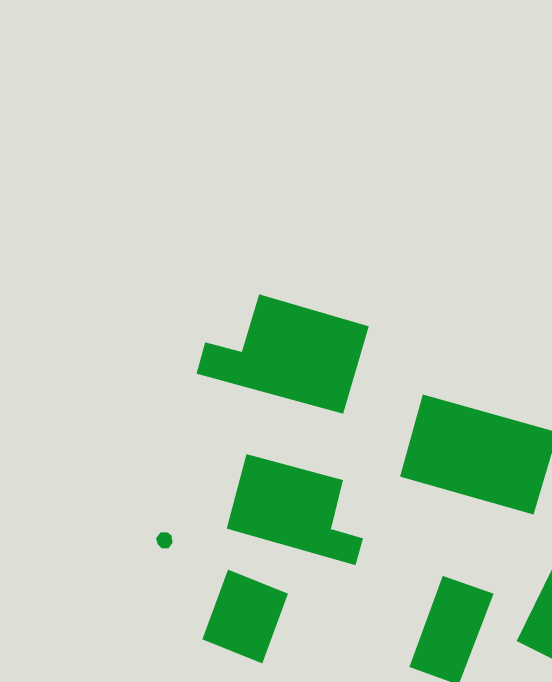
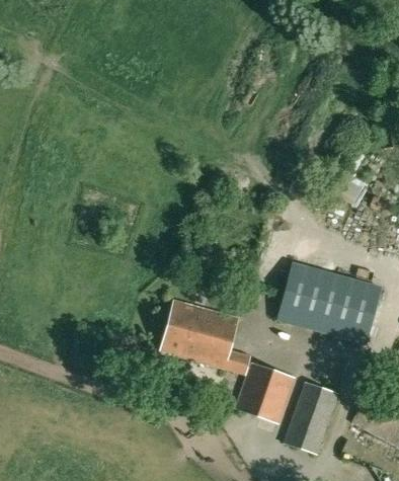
building: [196,294,369,415] -> none
building: [201,569,289,664] -> [236,362,294,424]

